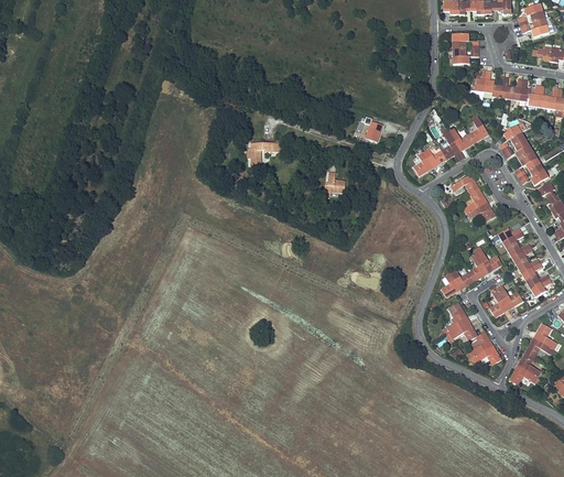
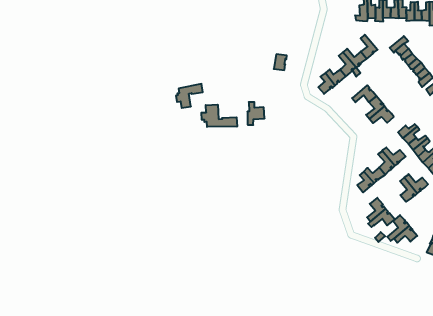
building: none -> [201,105,237,127]

